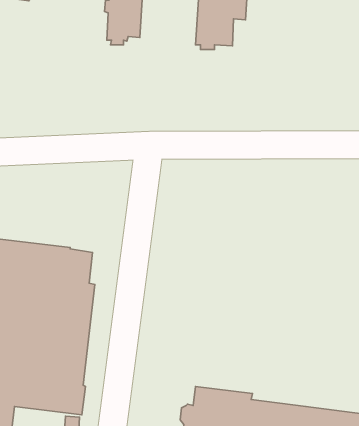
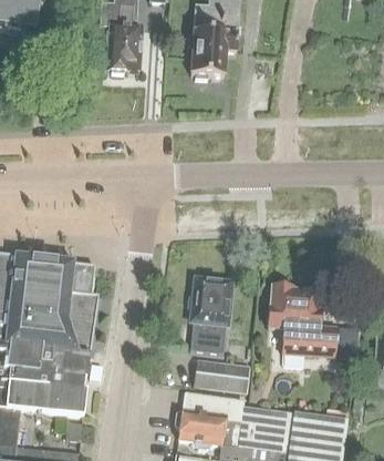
building: none -> [190,277,233,354]
building: none -> [267,279,335,355]
building: none -> [194,359,250,391]

